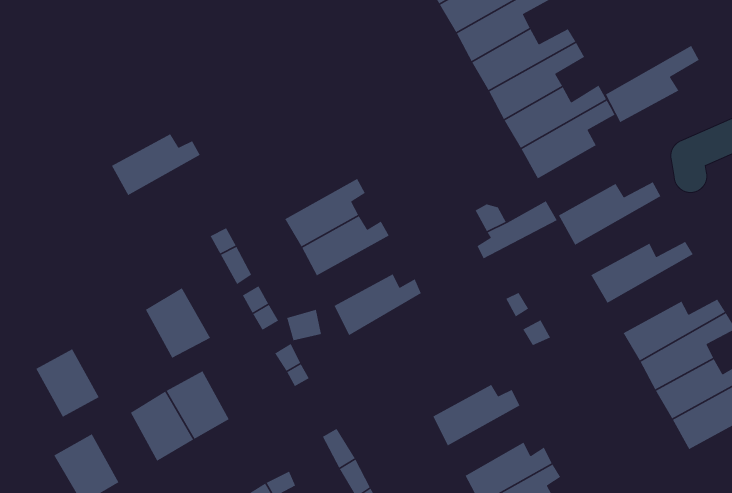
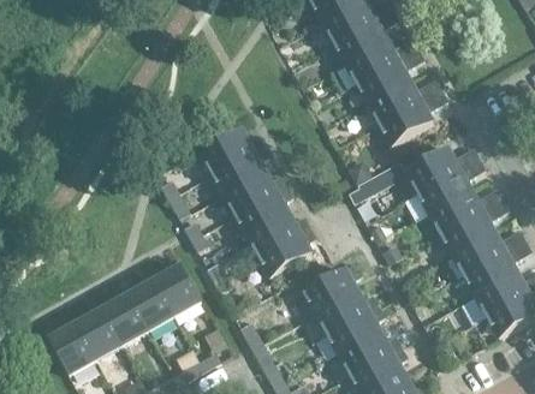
building: [605,45,700,123] -> [416,157,483,213]
building: [111,133,201,196] -> [198,129,262,173]
building: none -> [233,185,291,234]
building: none -> [439,198,506,253]
building: [145,287,211,359] -> [153,264,200,315]
building: none -> [256,226,315,276]
building: none -> [303,263,361,312]
building: [35,348,100,418] -> [75,310,120,359]
building: none -> [326,305,384,354]

